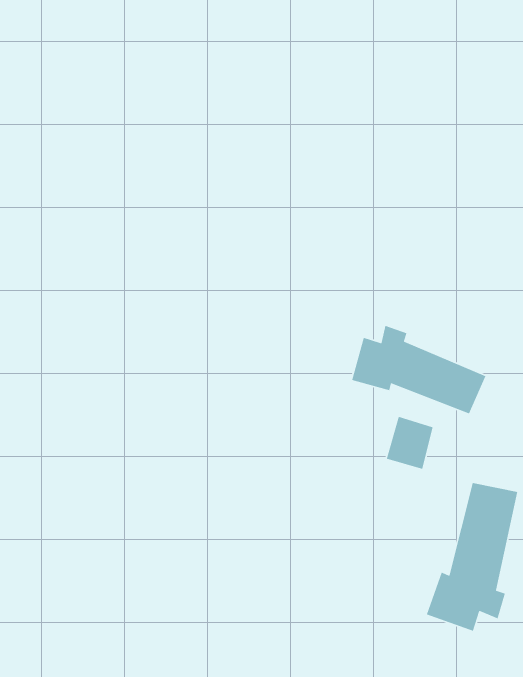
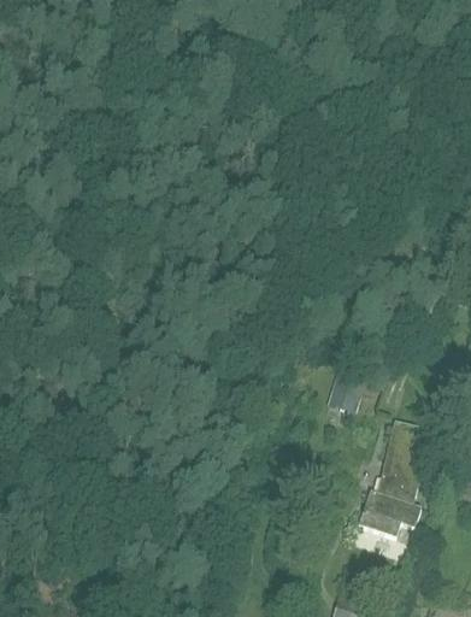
building: [351,325,487,414] -> none

